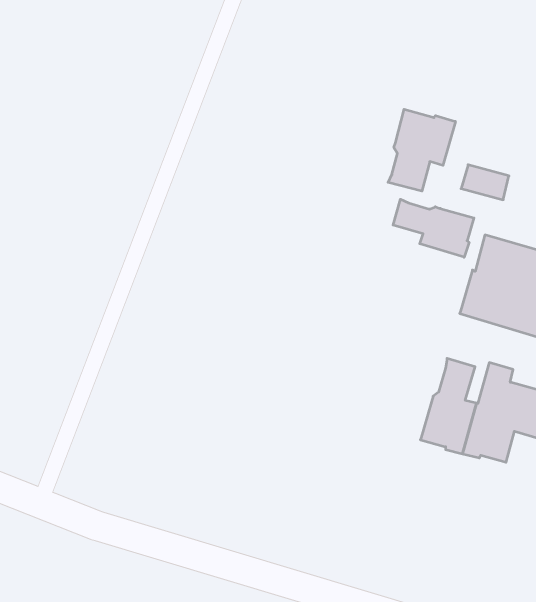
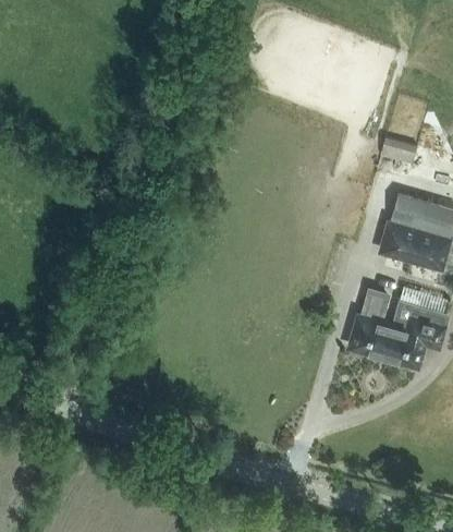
building: [388,109,455,191] -> none
building: [393,199,474,257] -> none

